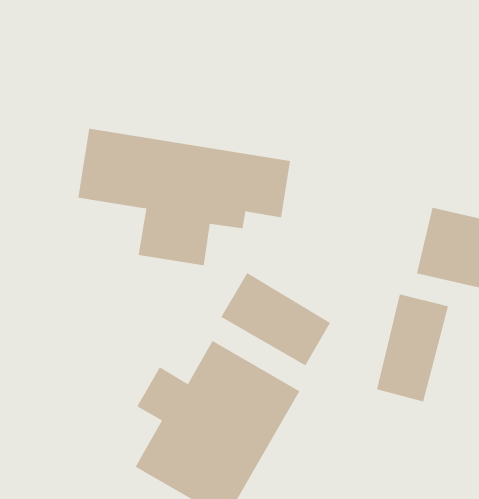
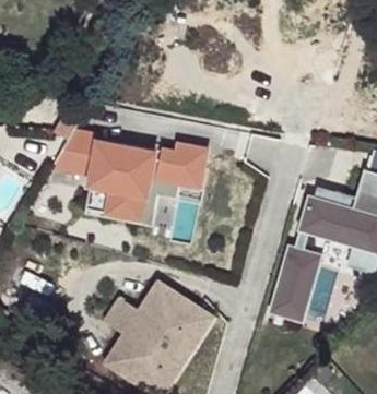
building: [221,272,331,366] -> none

